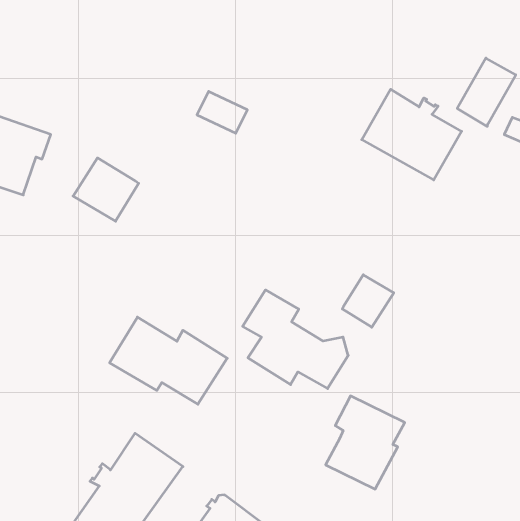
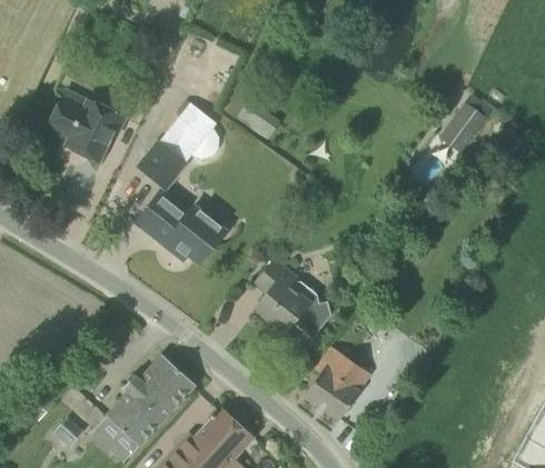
building: [362,89,462,180] -> none
building: none -> [160,102,220,162]
building: [342,275,394,327] -> none
building: [110,317,227,404] -> [137,191,227,263]

